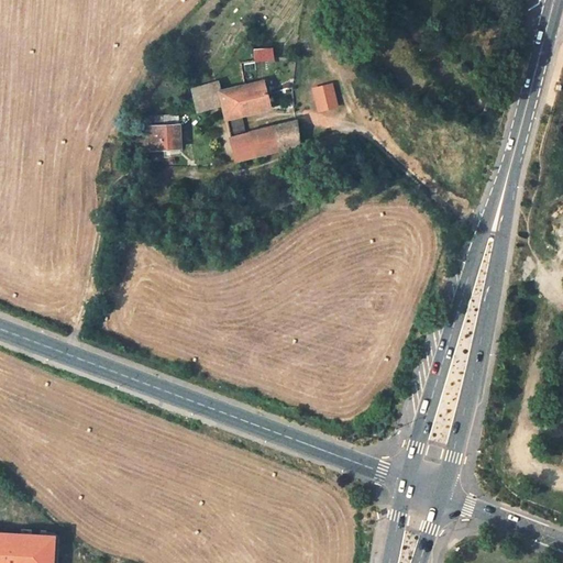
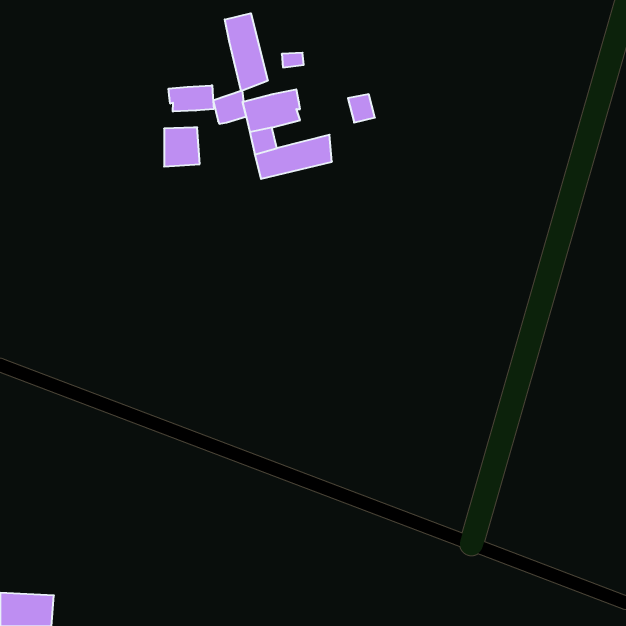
building: none -> [225,13,268,91]
building: none -> [169,85,214,112]

